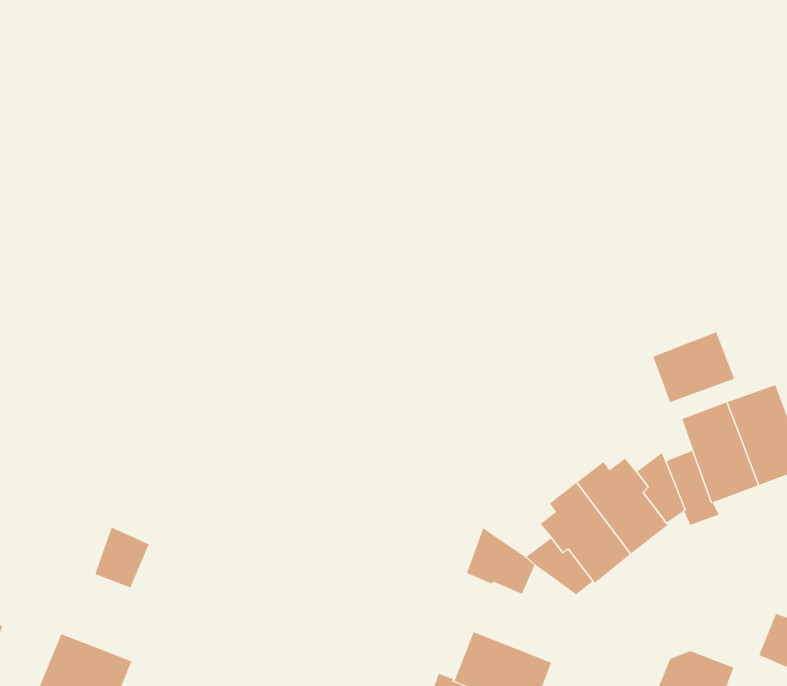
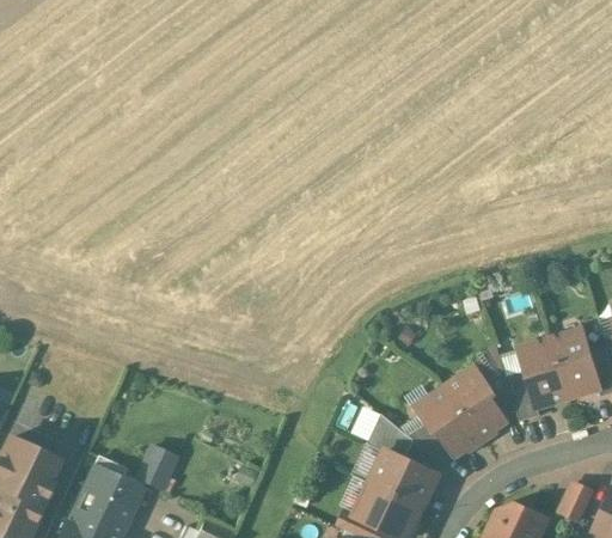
building: [652,332,735,403] -> none
building: [94,527,150,588] -> [137,446,176,488]
building: none -> [371,451,436,507]

